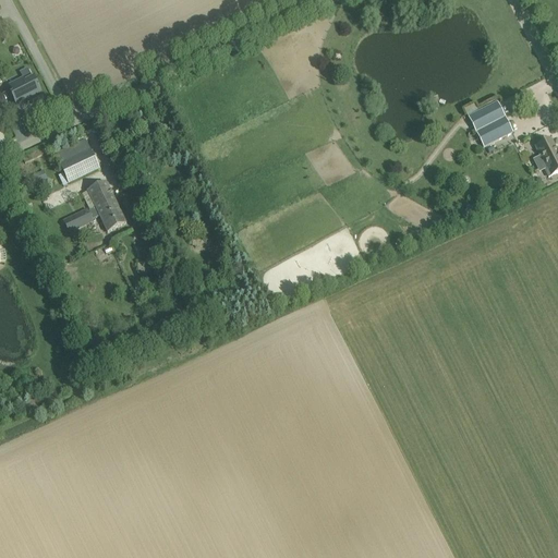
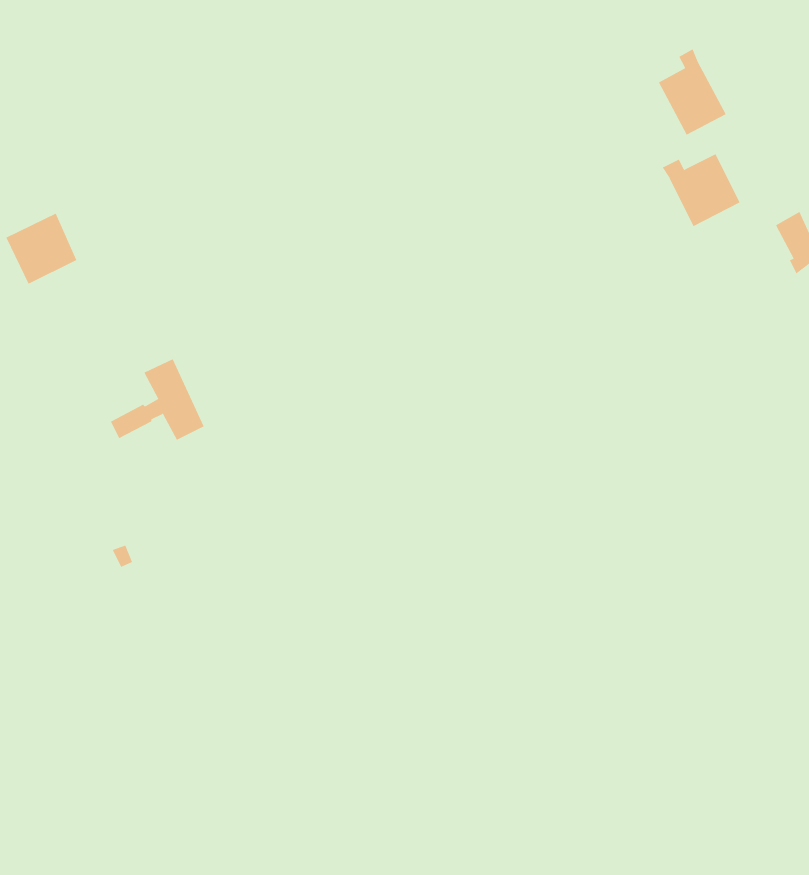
building: none -> [658,49,727,135]
building: [66,179,125,230] -> [110,359,205,441]

